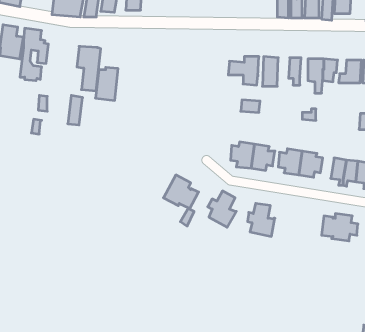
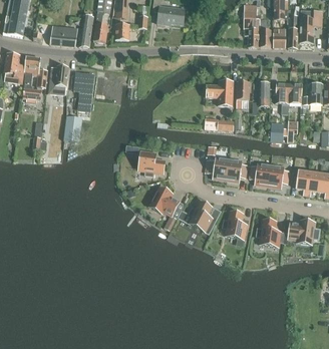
building: [95,67,118,100] -> [48,65,68,94]
building: none -> [138,150,166,177]
building: none -> [256,219,281,247]

